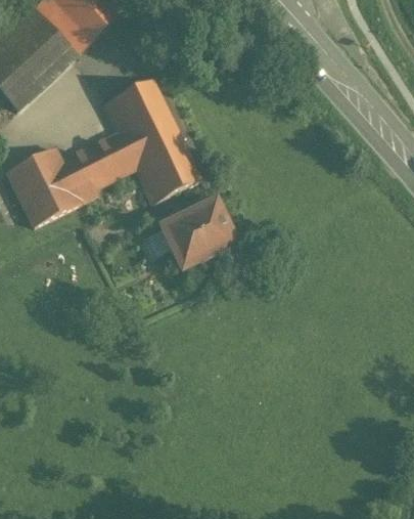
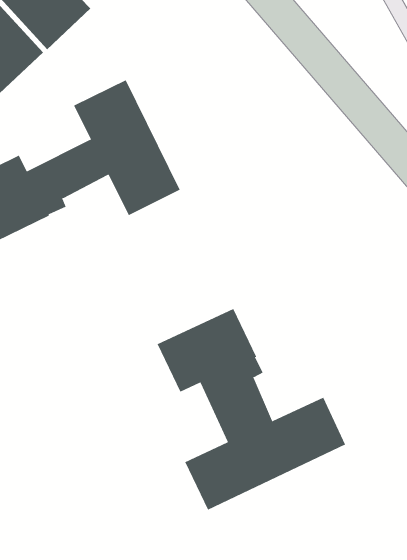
building: [162,199,237,269] -> none
building: none -> [157,308,346,510]

